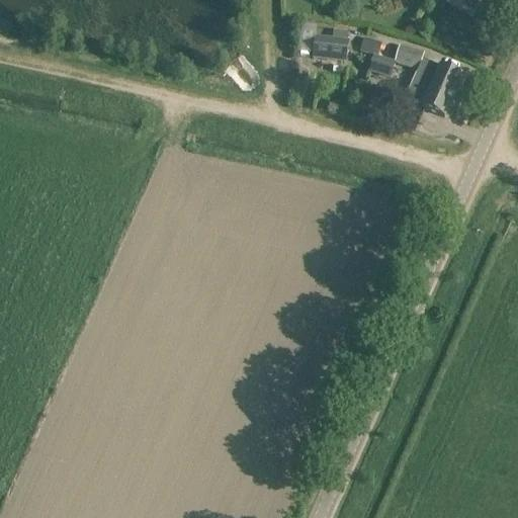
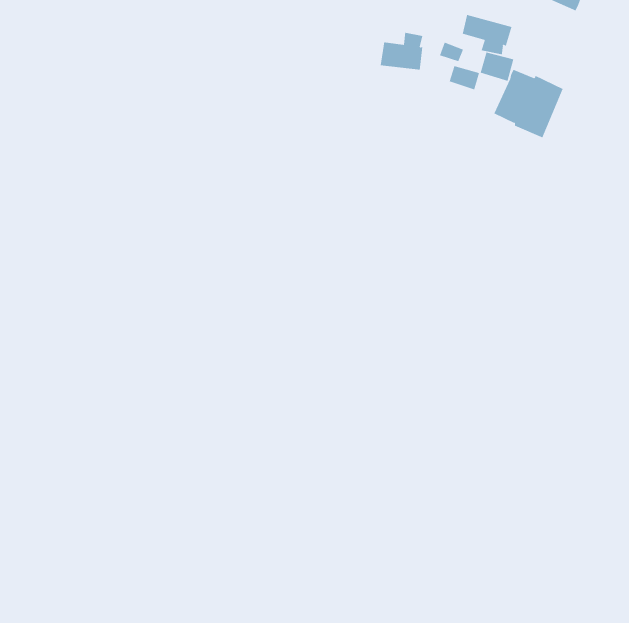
building: none -> [462,14,512,55]

